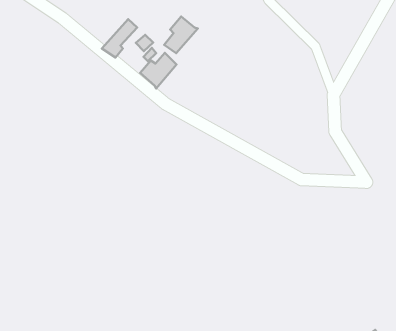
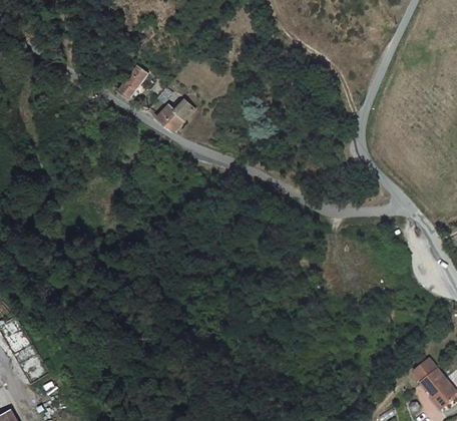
building: [164,17,198,53] -> none

